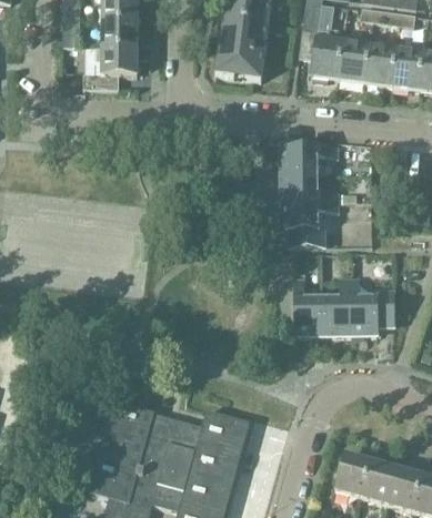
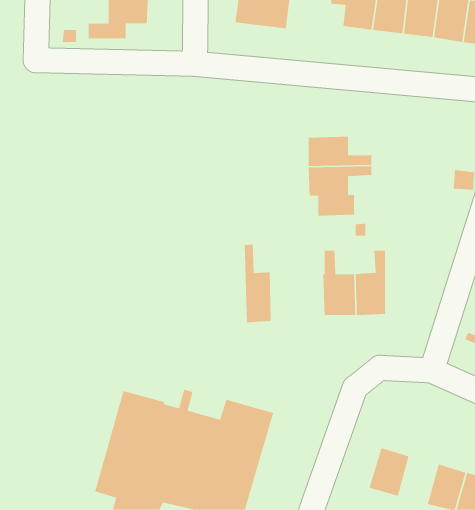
building: [280,145,336,174] -> none
building: none -> [244,244,272,323]
building: [350,275,394,333] -> none
building: [361,459,396,502] -> none

